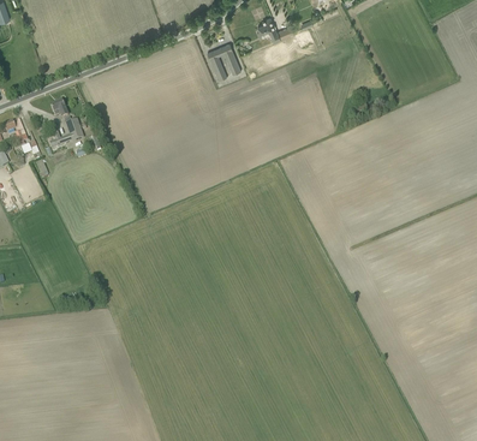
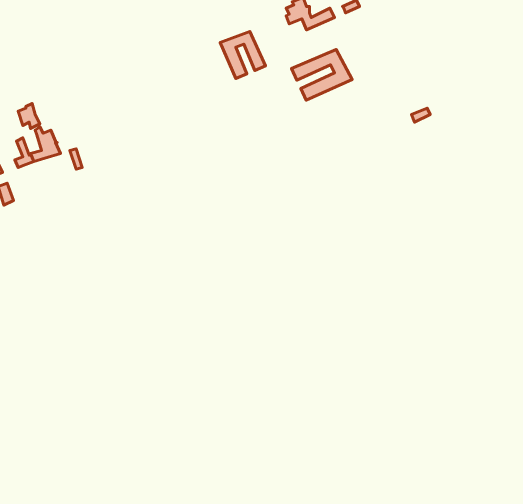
building: none -> [291,49,352,100]

